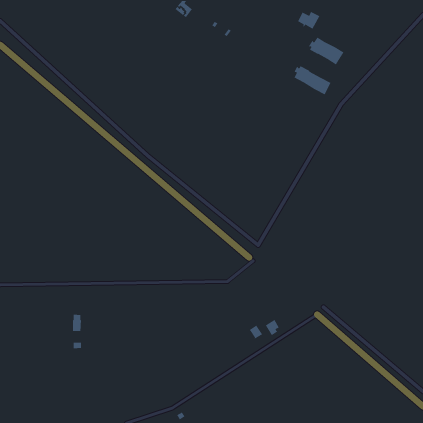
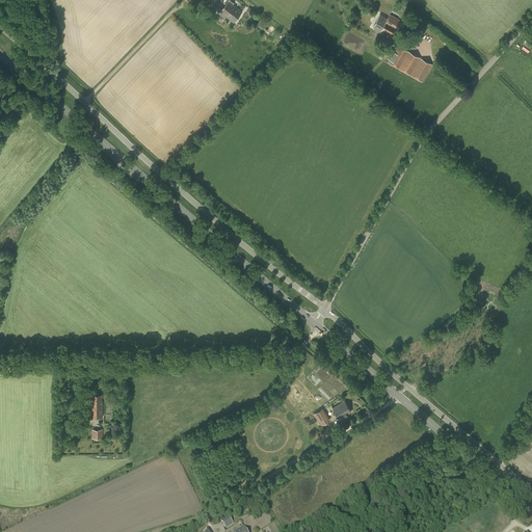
building: [293,65,331,96] -> none

